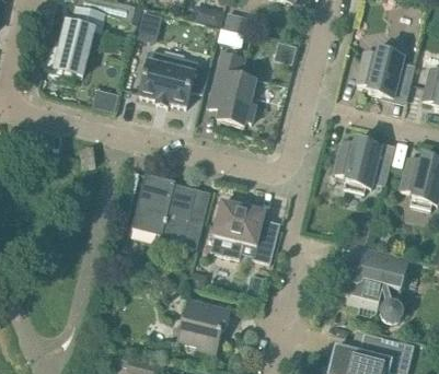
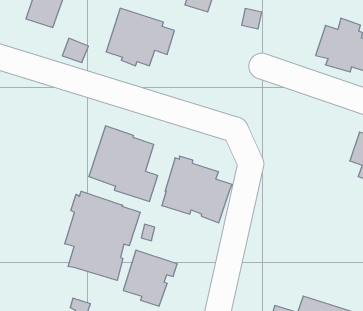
building: [211,51,256,125] -> none
building: [334,139,393,192] -> none
building: [342,241,409,322] -> none
building: none -> [65,191,140,280]

